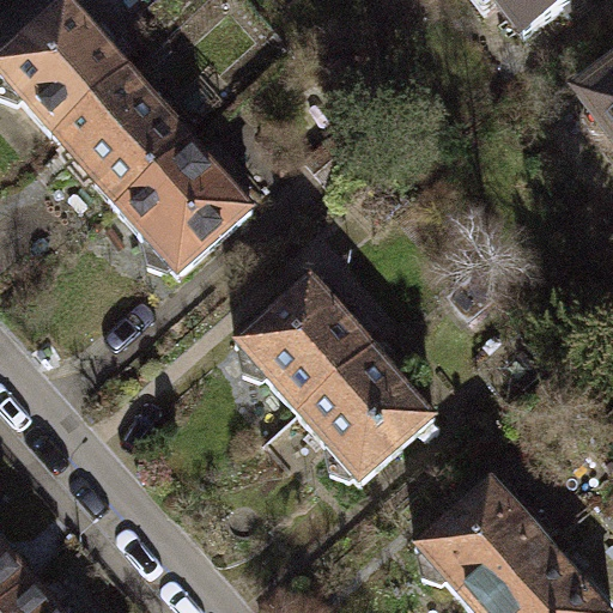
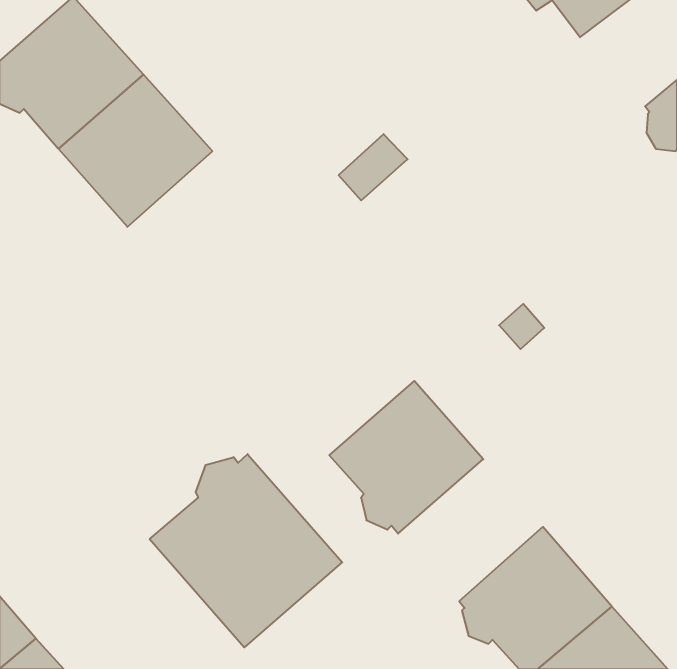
building: [115,136,253,274] -> none
building: [235,273,374,411] -> none
building: none -> [150,454,342,647]

